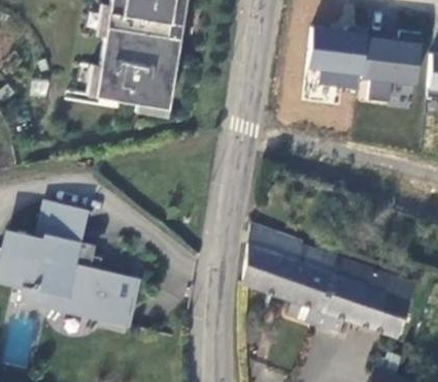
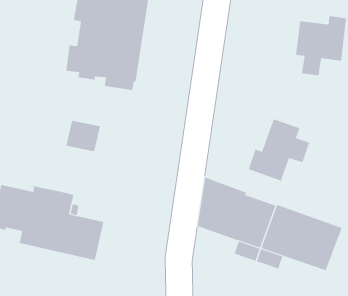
building: [307,28,366,90] -> none
building: none -> [248,119,310,182]
building: [46,203,89,242] -> [65,120,101,152]

